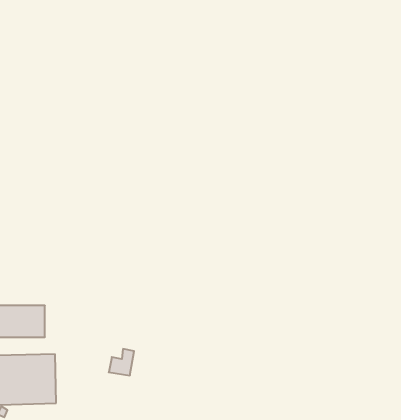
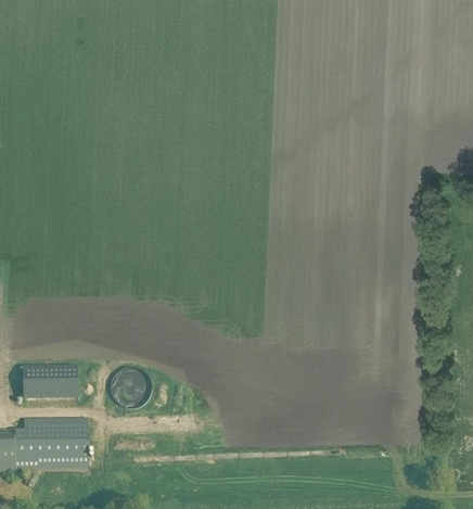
building: [109,349,134,375] -> [120,374,148,403]

